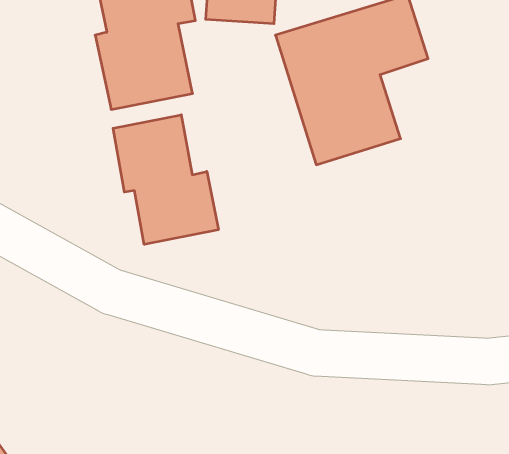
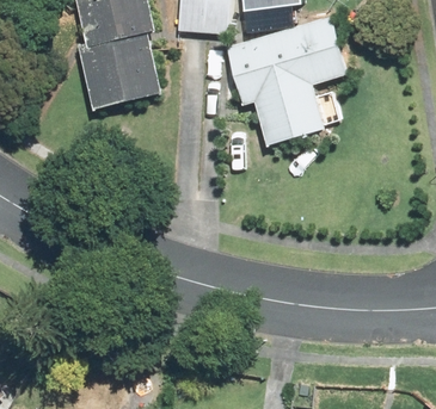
building: [113,115,218,244] -> none

